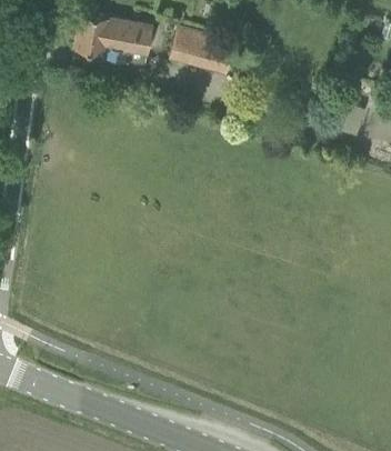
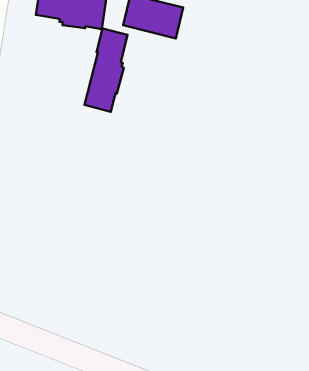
building: none -> [85,28,127,112]

